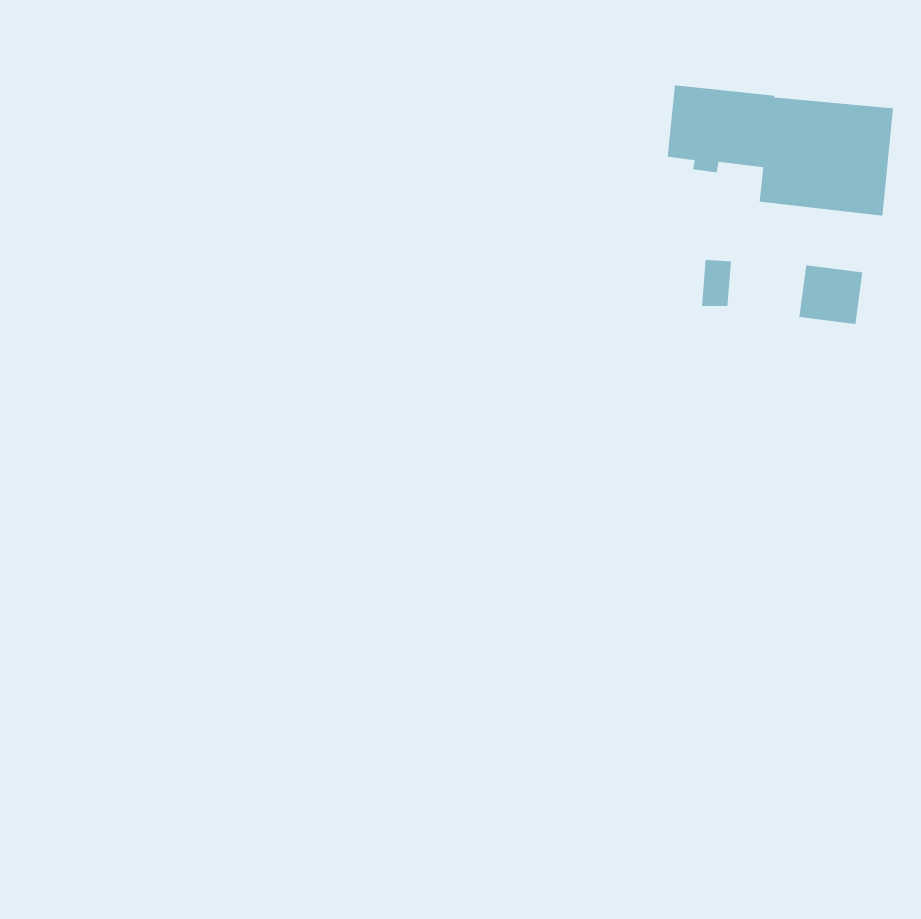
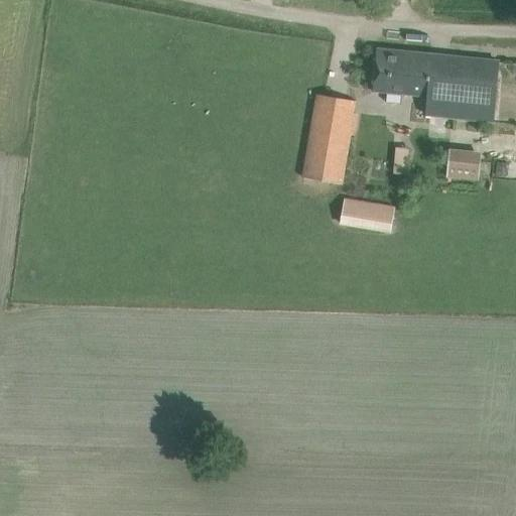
building: none -> [302,92,354,182]
building: none -> [341,198,393,230]

